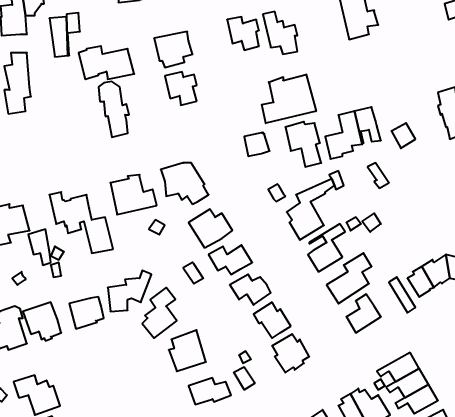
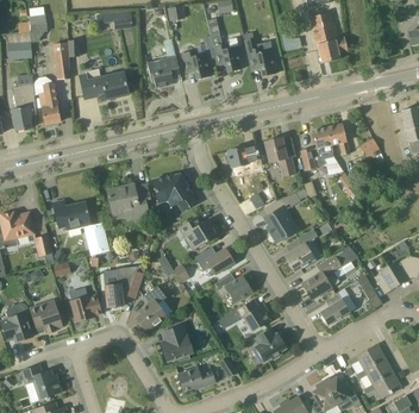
building: [165,72,197,105] -> [181,50,210,80]
building: [262,74,316,123] -> none
building: [99,82,129,137] -> [33,75,61,125]

